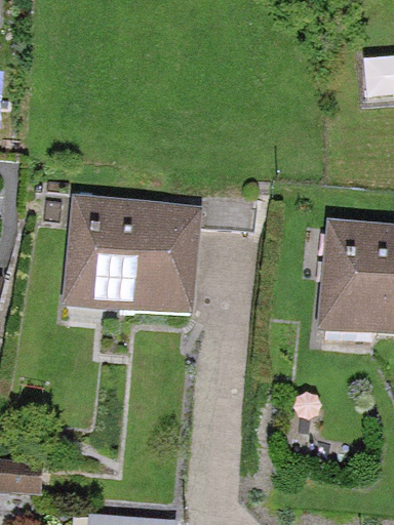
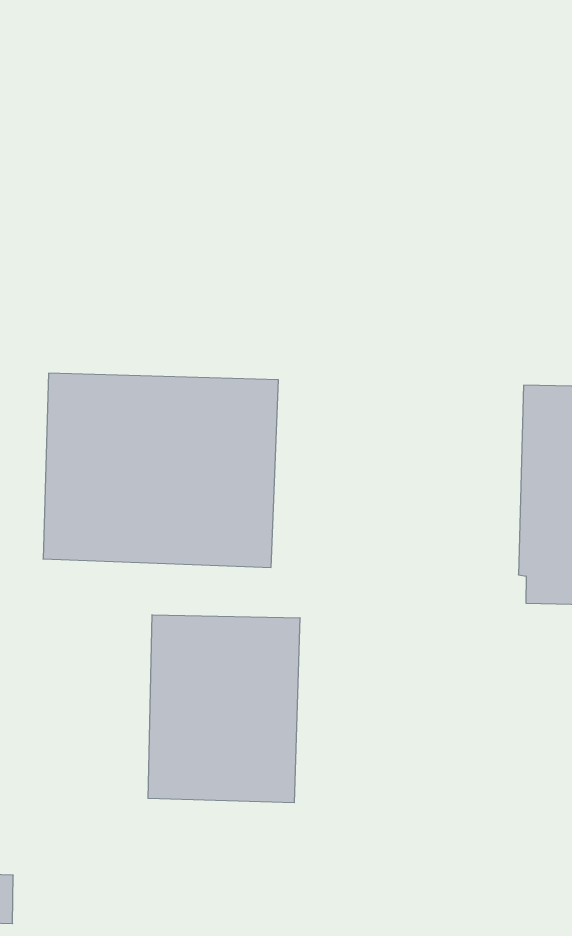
building: none -> [148,615,300,803]

